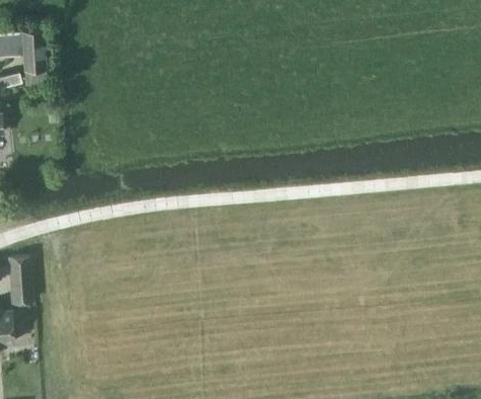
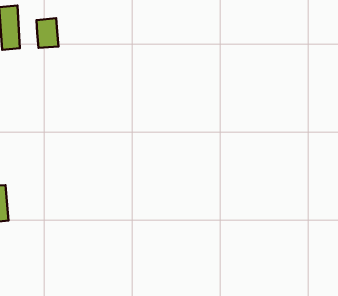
building: none -> [36,18,58,48]

